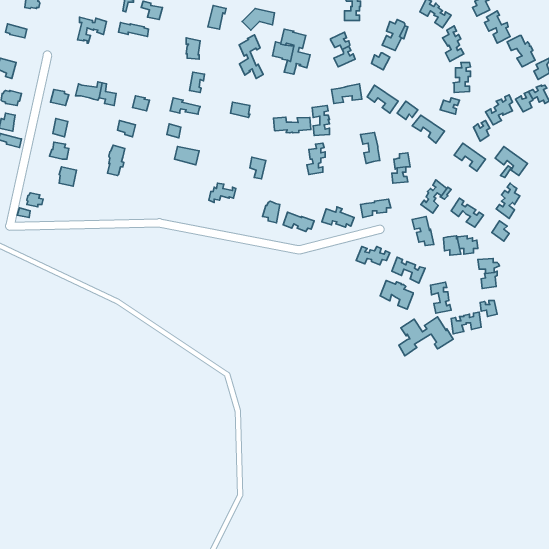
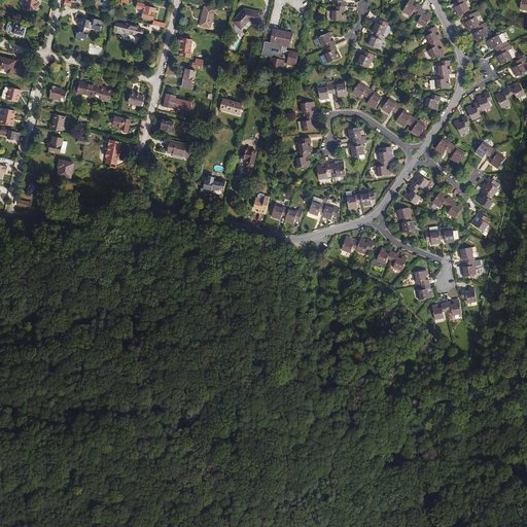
building: [239,35,263,78] -> none
building: [274,117,311,133] -> none
building: none -> [315,161,345,179]
building: [380,281,413,309] -> none
building: [399,317,453,356] -> none

